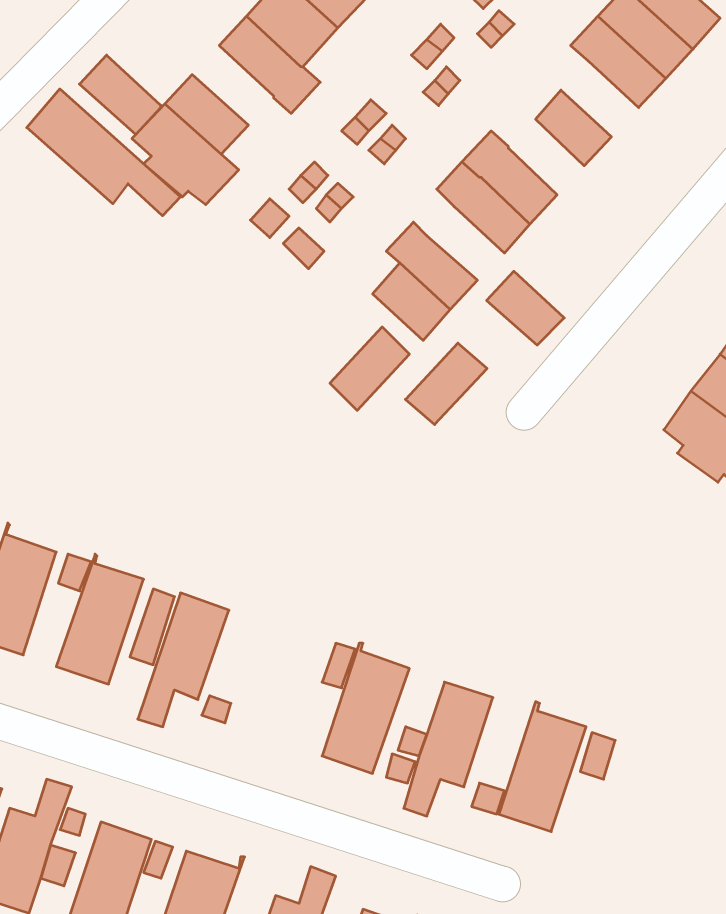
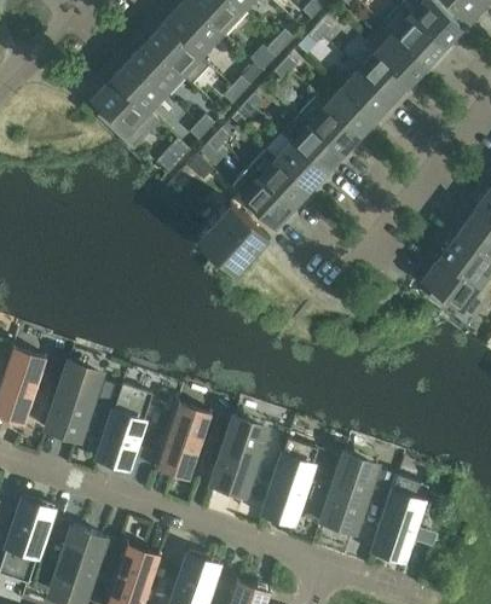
building: [79,55,161,135] -> [131,43,181,93]
building: none -> [360,53,409,100]
building: [27,89,181,216] -> none
building: none -> [328,89,375,137]
building: [487,271,564,345] -> [277,144,325,190]
building: [405,343,487,425] -> [198,203,249,254]
building: none -> [155,396,212,478]
building: none -> [372,476,438,559]

